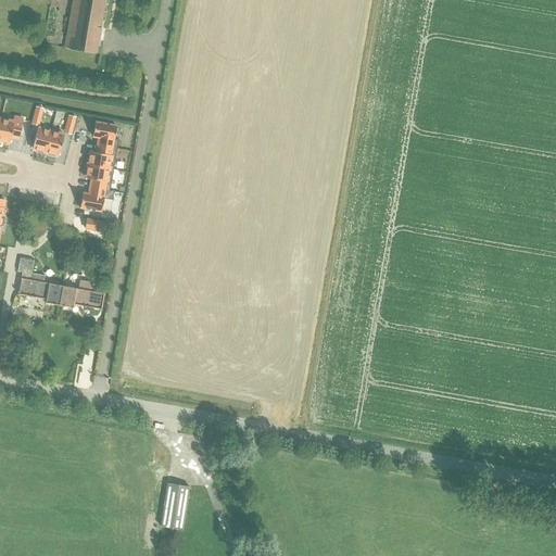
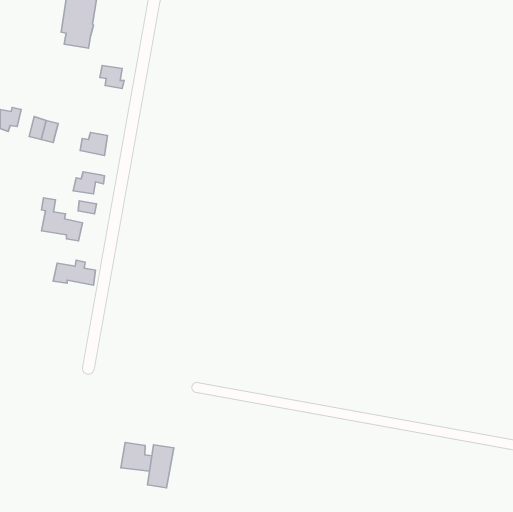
building: [92,122,118,147] -> [100,65,124,89]
building: [85,163,113,189] -> none
building: [17,257,62,304] -> [41,198,83,241]
building: none -> [121,442,152,471]

